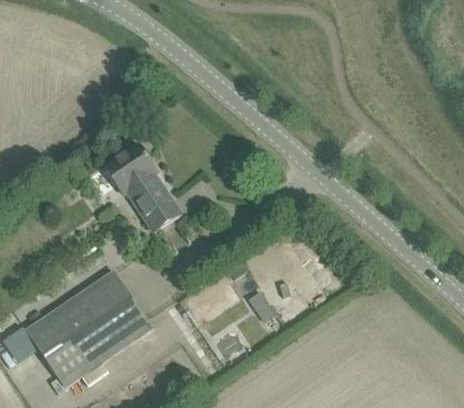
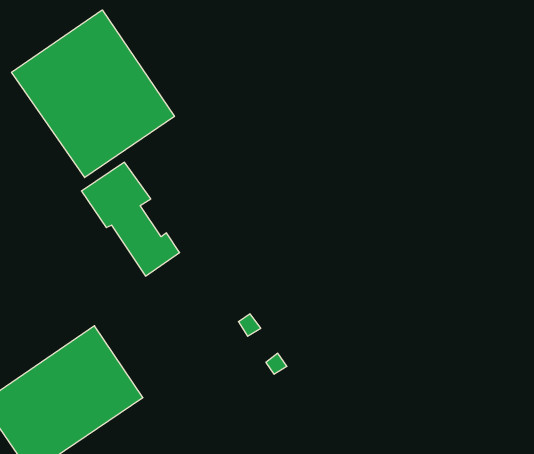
building: none -> [12,10,174,178]

